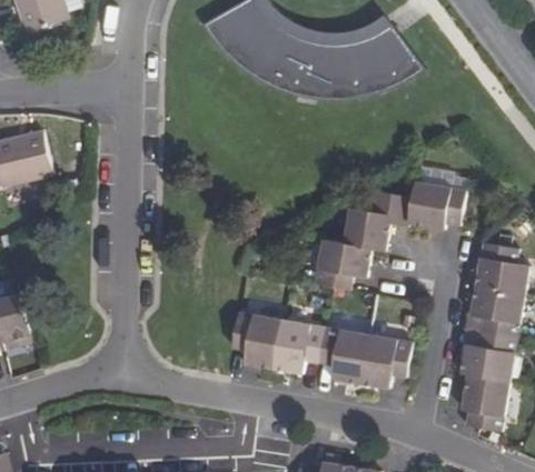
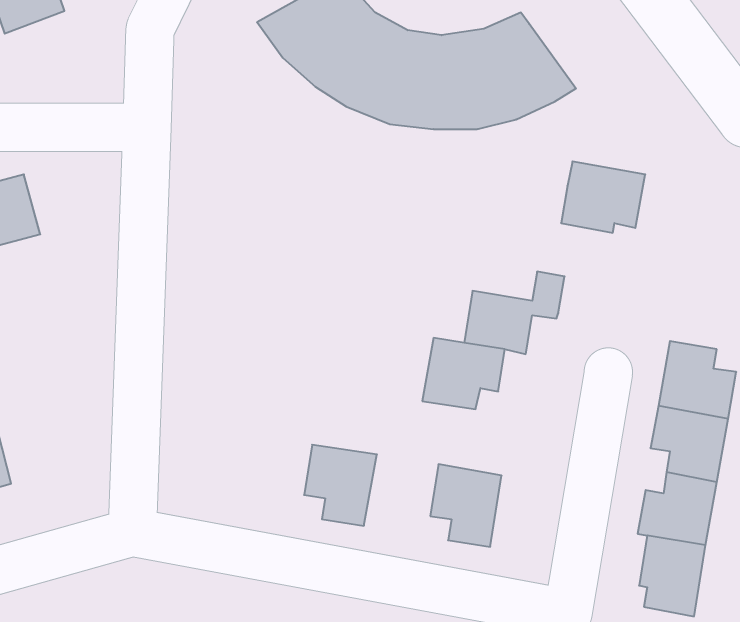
building: [407,182,465,231] -> [561,161,645,233]
building: [274,321,325,374] -> none
building: [360,335,413,389] -> none

